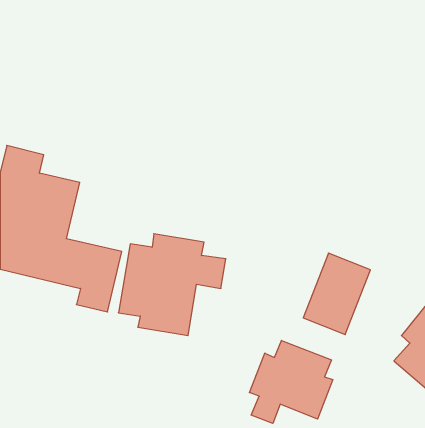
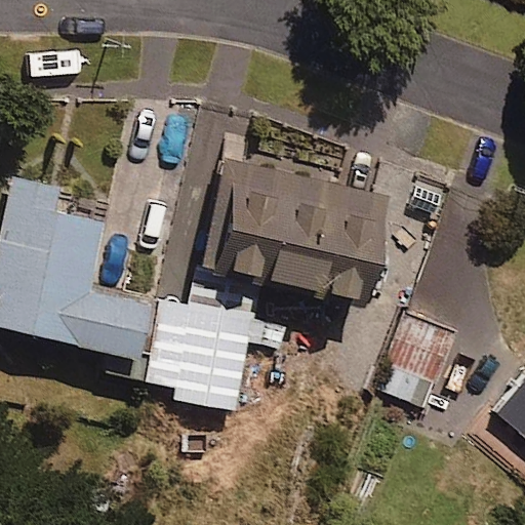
building: none -> [200,159,387,305]
building: [249,340,333,423] -> none

